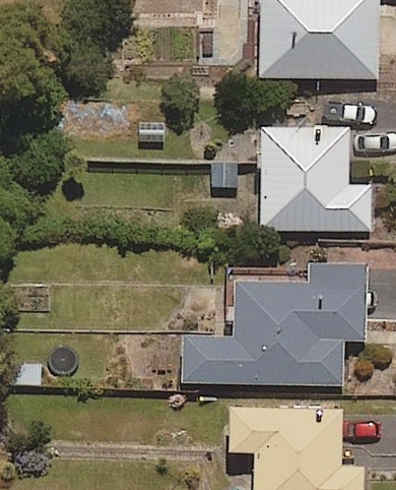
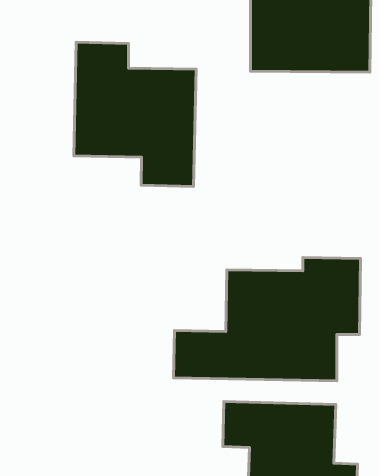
building: none -> [74,42,196,186]
building: [261,126,372,231] -> none

